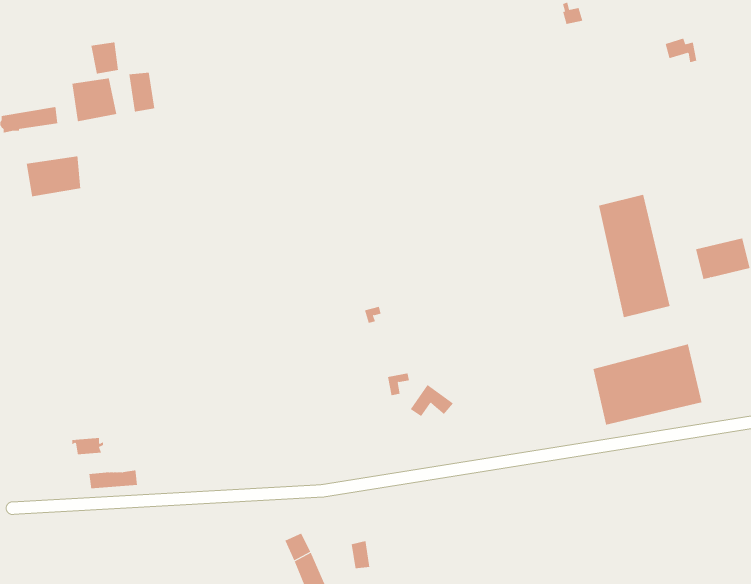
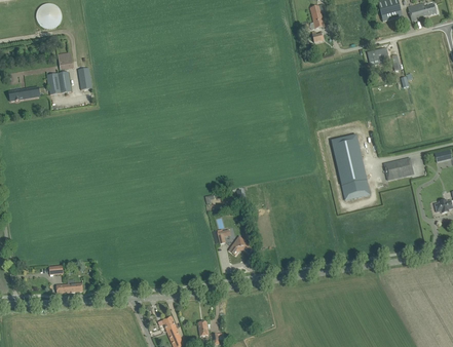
building: [26,156,81,197] -> none
building: [593,344,702,426] -> none

